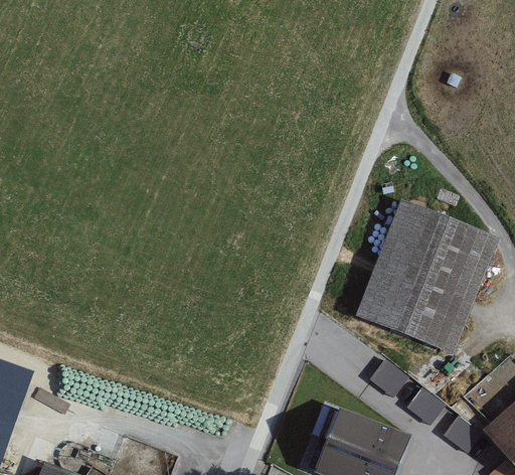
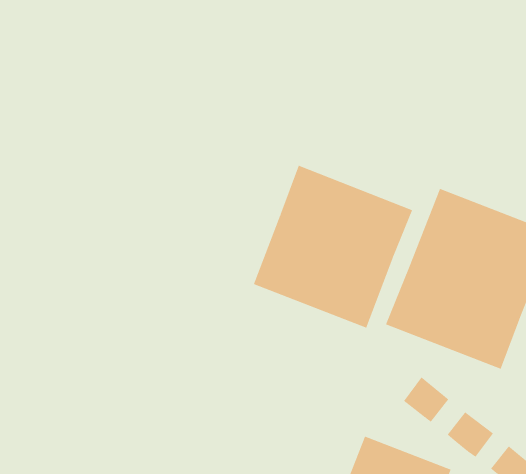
building: none -> [253,165,413,328]

